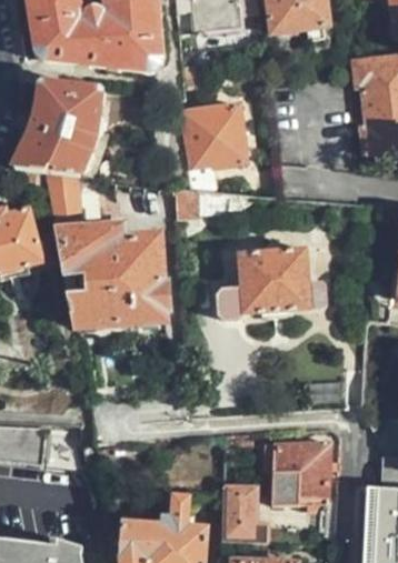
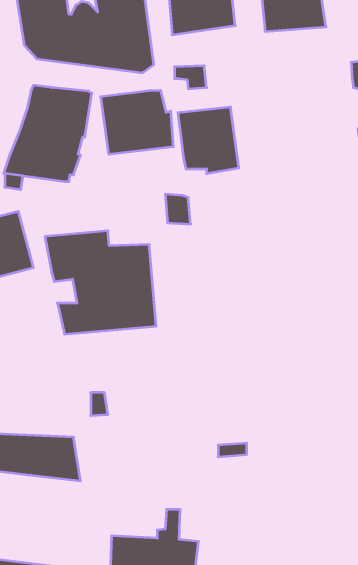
building: none -> [101,90,173,154]
building: [44,172,78,224] -> none
building: [218,249,326,316] -> none
building: [270,438,328,502] -> none
building: [221,484,263,540] -> none

